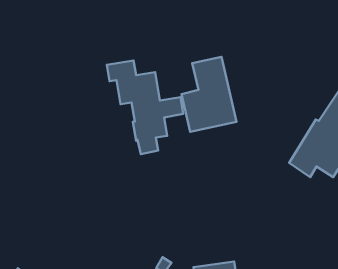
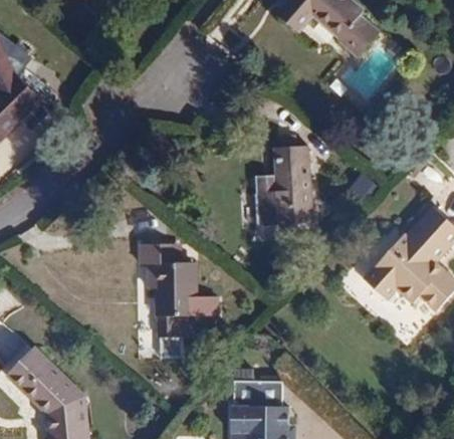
building: [107,60,183,154] -> [139,247,216,355]

